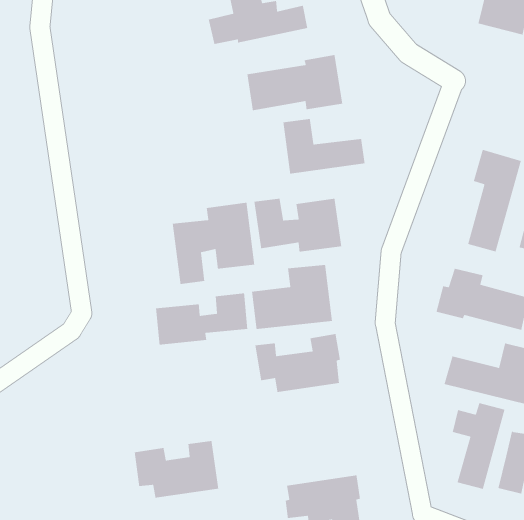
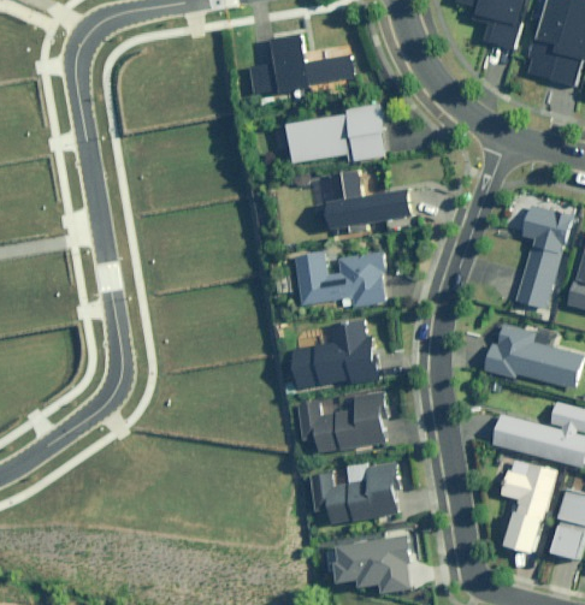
building: [172,202,255,285] -> none
building: [155,293,248,346] -> none
building: [134,440,219,498] -> [311,463,398,523]

